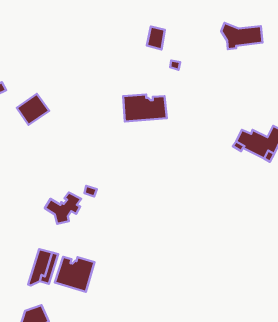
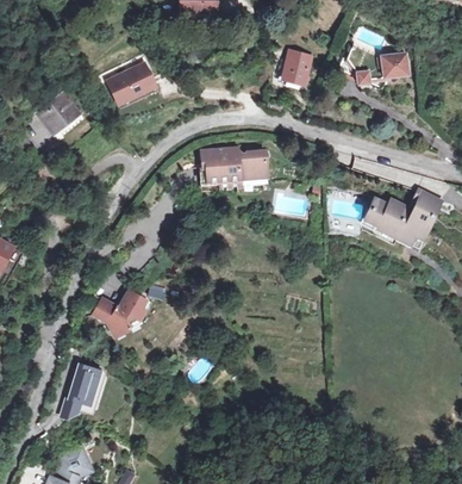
building: [147,26,165,49] -> [283,48,310,81]
building: none -> [100,55,155,105]
building: [17,94,49,125] -> [37,83,83,129]
building: [55,257,94,292] -> none

